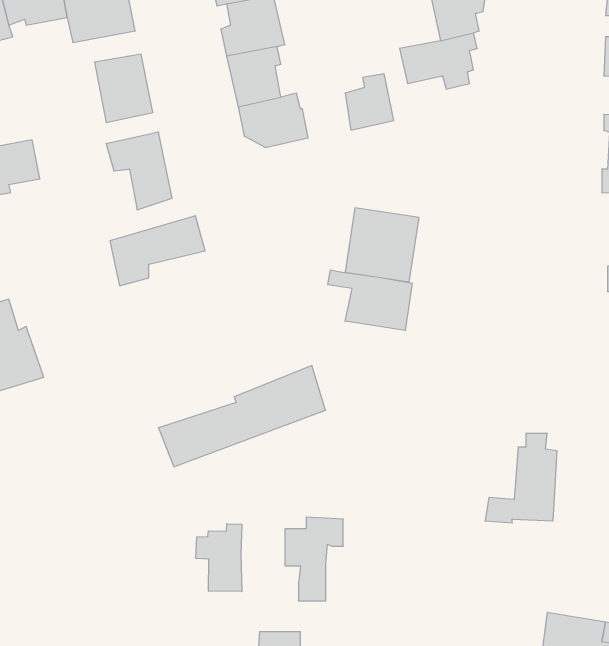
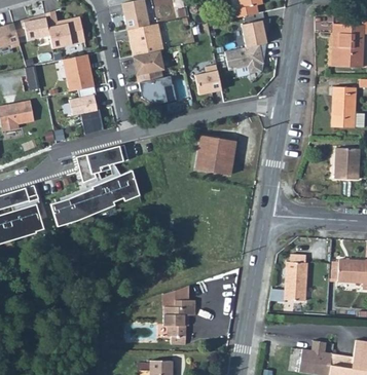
building: [328,270,412,331] -> none
building: [158,366,326,467] -> [41,166,130,220]
building: [196,524,242,592] -> none

